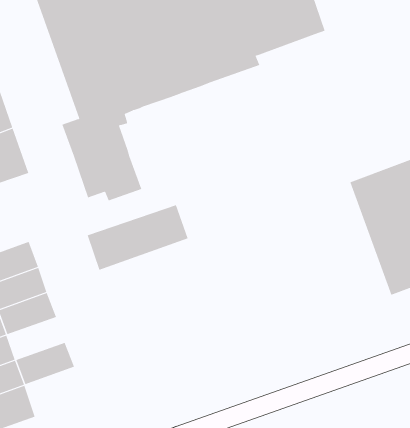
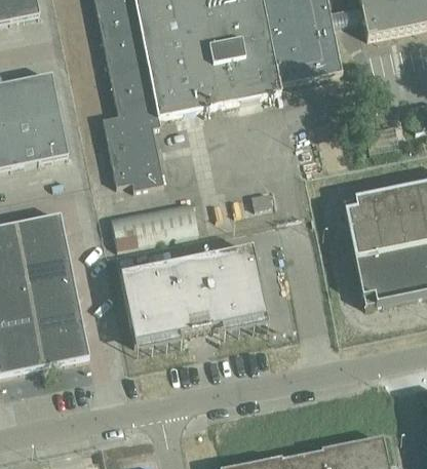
building: none -> [117,245,266,342]
building: none -> [29,281,78,313]
building: none -> [38,326,88,364]

